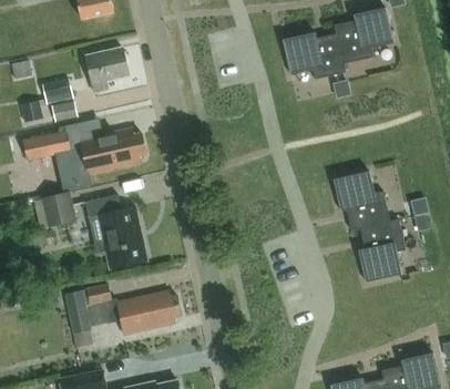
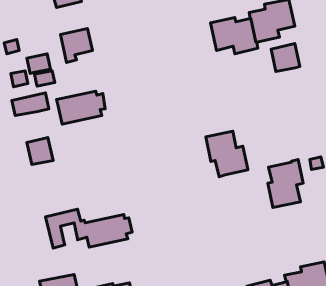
building: none -> [271,43,300,72]
building: [55,149,90,191] -> none
building: [334,171,389,231] -> [206,131,248,177]
building: [84,194,146,267] -> none

